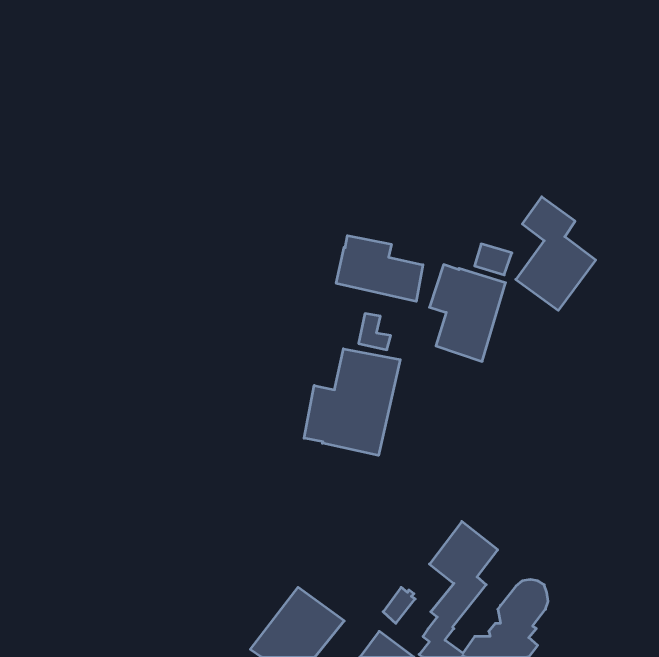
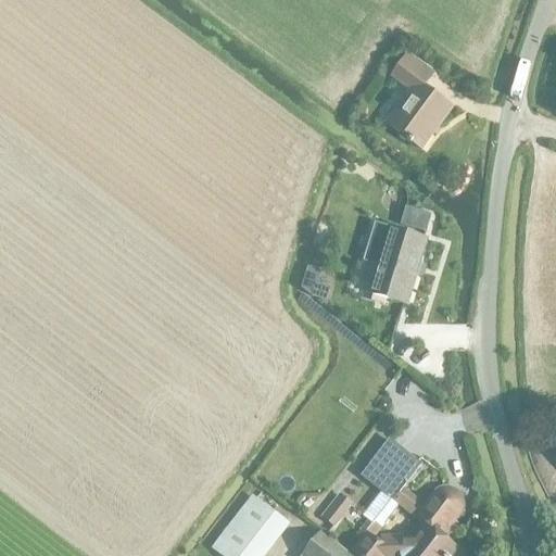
building: [516,197,596,310] -> [384,52,452,148]
building: [336,236,423,301] -> none
building: [304,349,400,455] -> none

